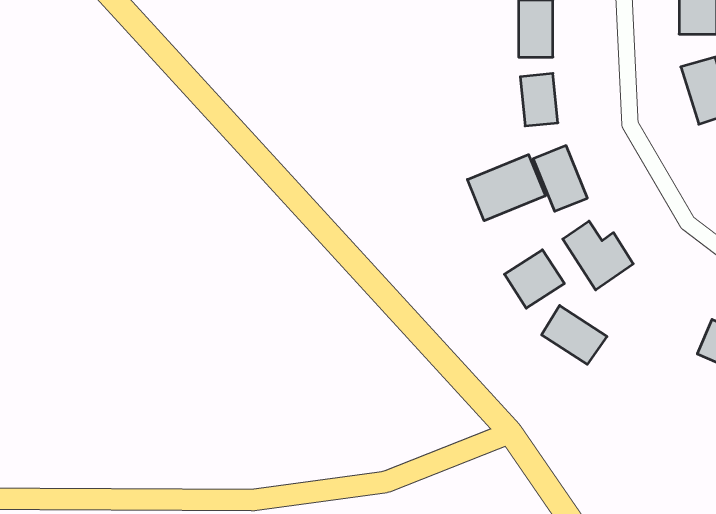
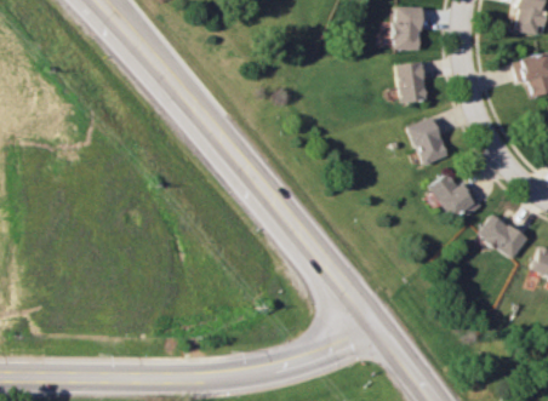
building: [467,155,545,221] -> none
building: [504,250,564,308] -> none
building: [542,305,607,364] -> [476,216,525,259]

